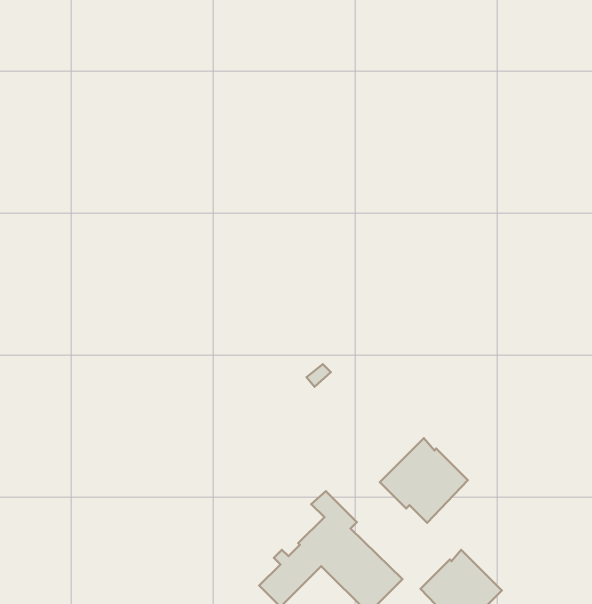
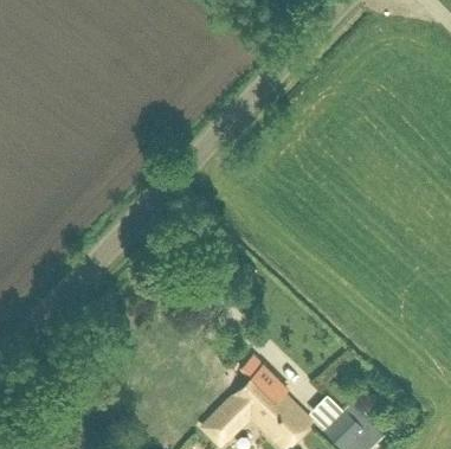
building: [380,438,468,523] -> none

